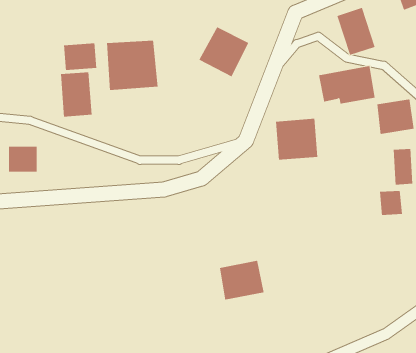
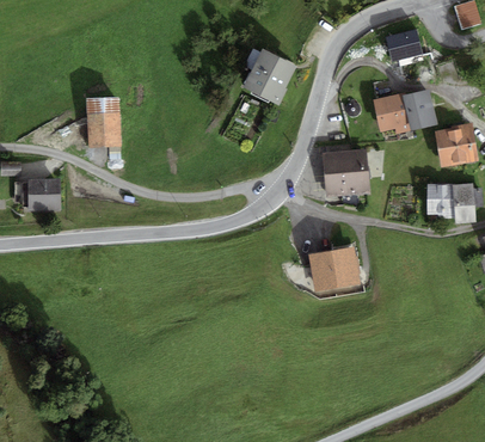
building: [107,40,158,91] -> none
building: [63,42,97,71] -> none
building: [379,191,403,215] -> [425,185,452,213]
building: [219,260,264,300] -> [311,245,361,289]

